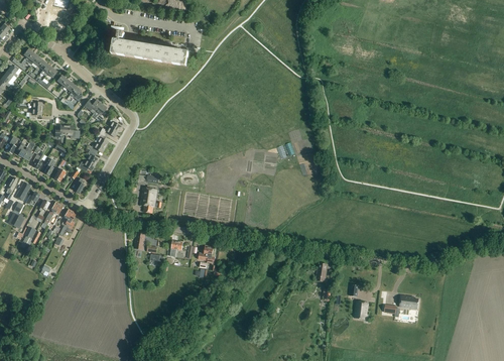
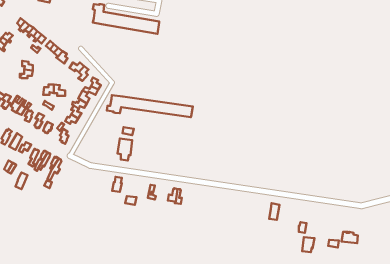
building: none -> [107,95,193,117]

